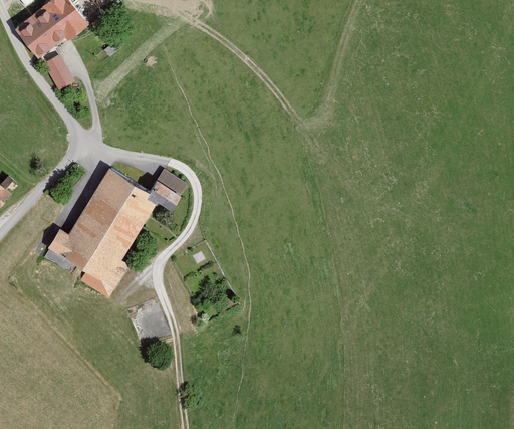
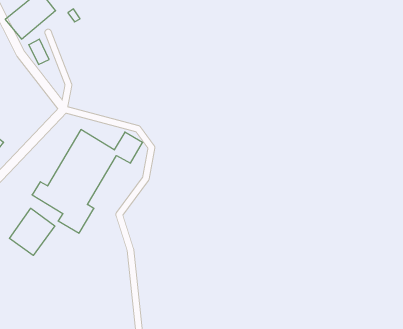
building: none -> [9,208,55,255]

